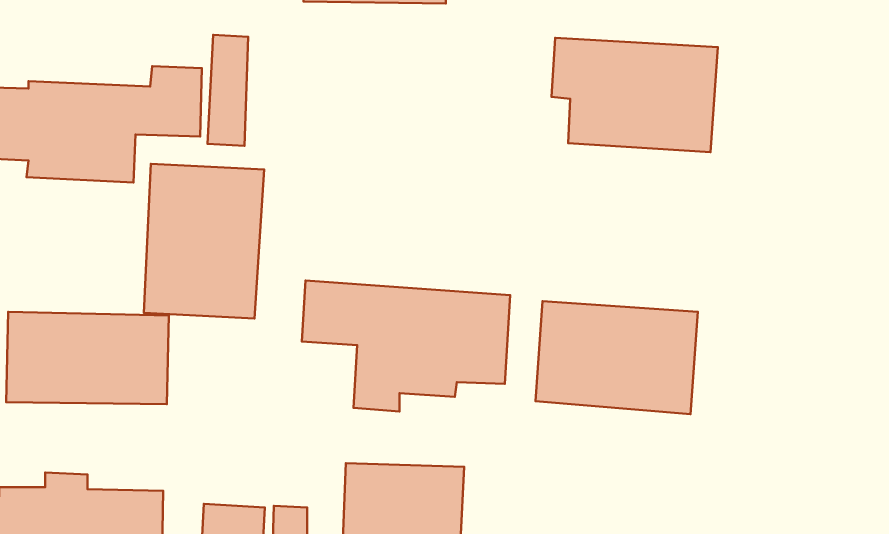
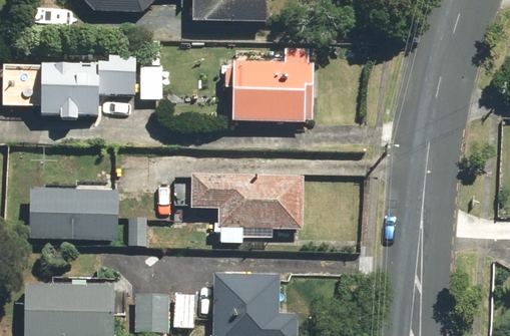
building: [552,38,718,152] -> [223,61,314,123]
building: [144,164,264,319] -> none
building: [535,301,698,414] -> none

